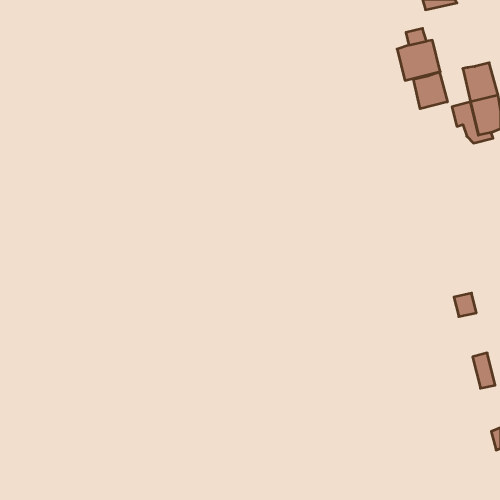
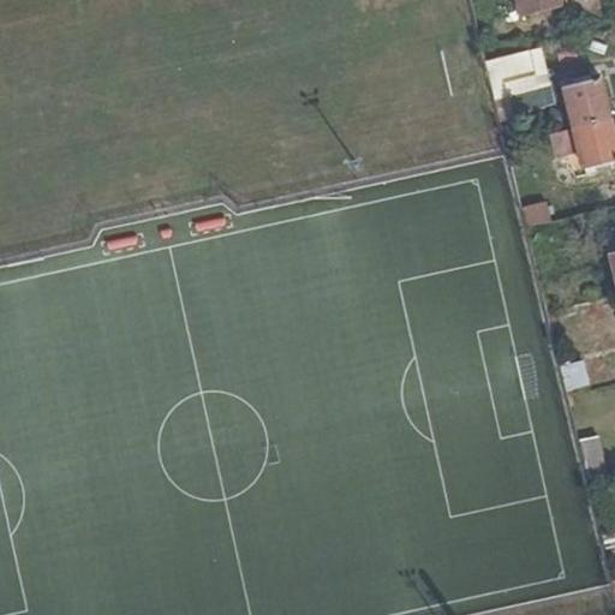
building: [413,72,447,109] -> none

